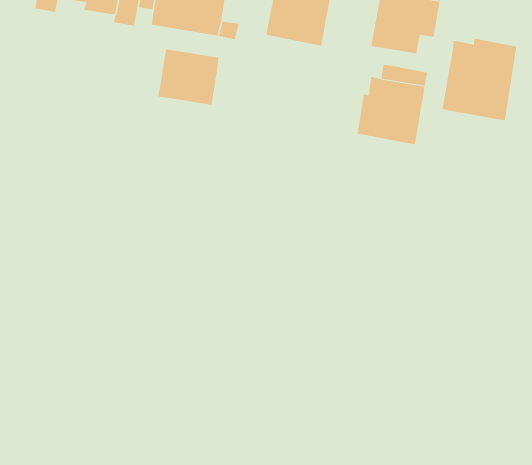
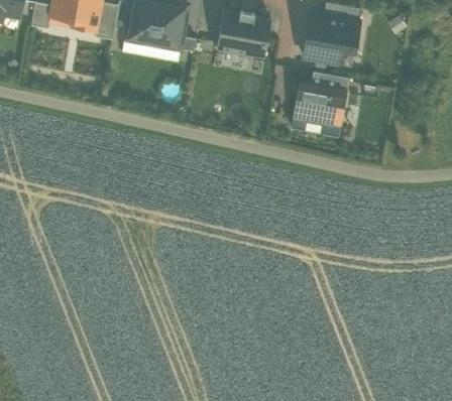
building: [442,38,517,121] -> none
building: [158,49,219,106] -> none

